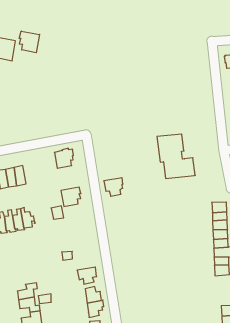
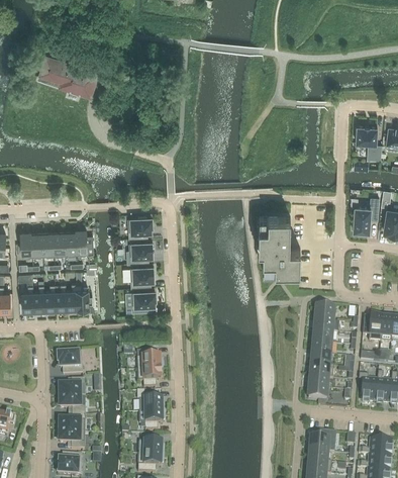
building: [19,31,40,53] -> none
building: [104,178,123,196] -> [129,243,153,264]
building: none -> [131,291,156,312]
building: none -> [136,351,163,370]
building: none -> [58,354,82,375]

